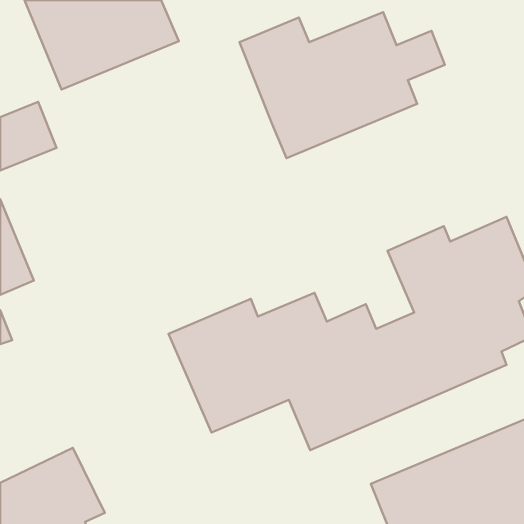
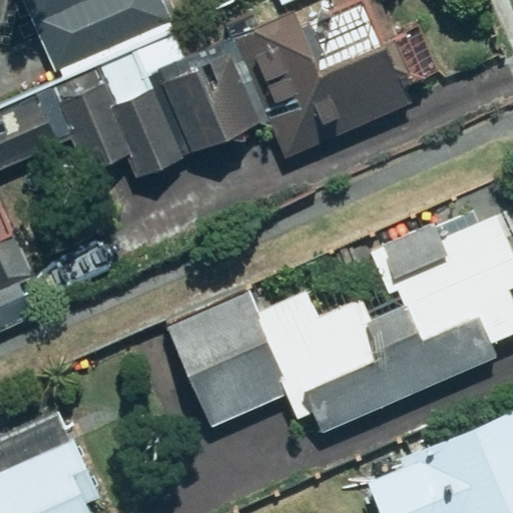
building: none -> [55,41,267,175]

